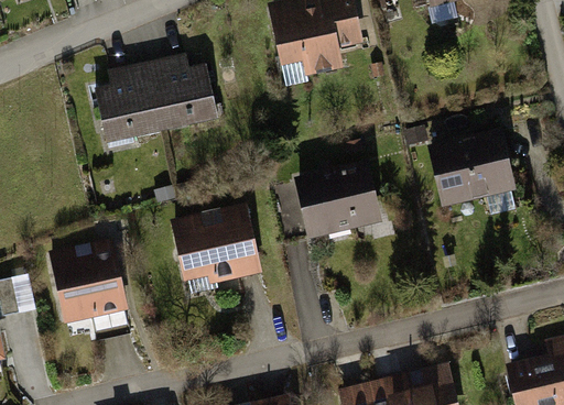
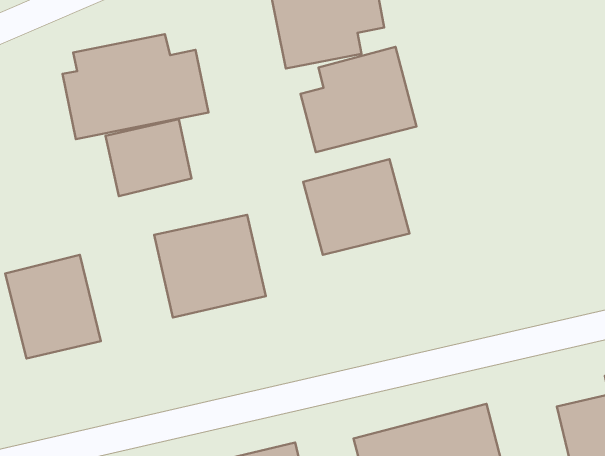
building: none -> [301,47,416,152]
building: none -> [106,119,192,196]
building: [427,127,516,209] -> none

